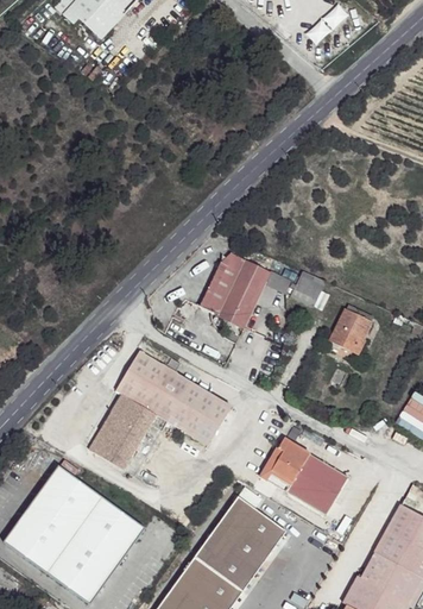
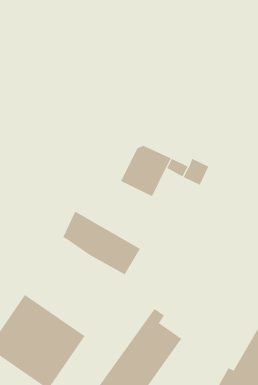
building: [327,306,370,349] -> none
building: [90,390,153,467] -> none
building: [260,435,345,509] -> none

